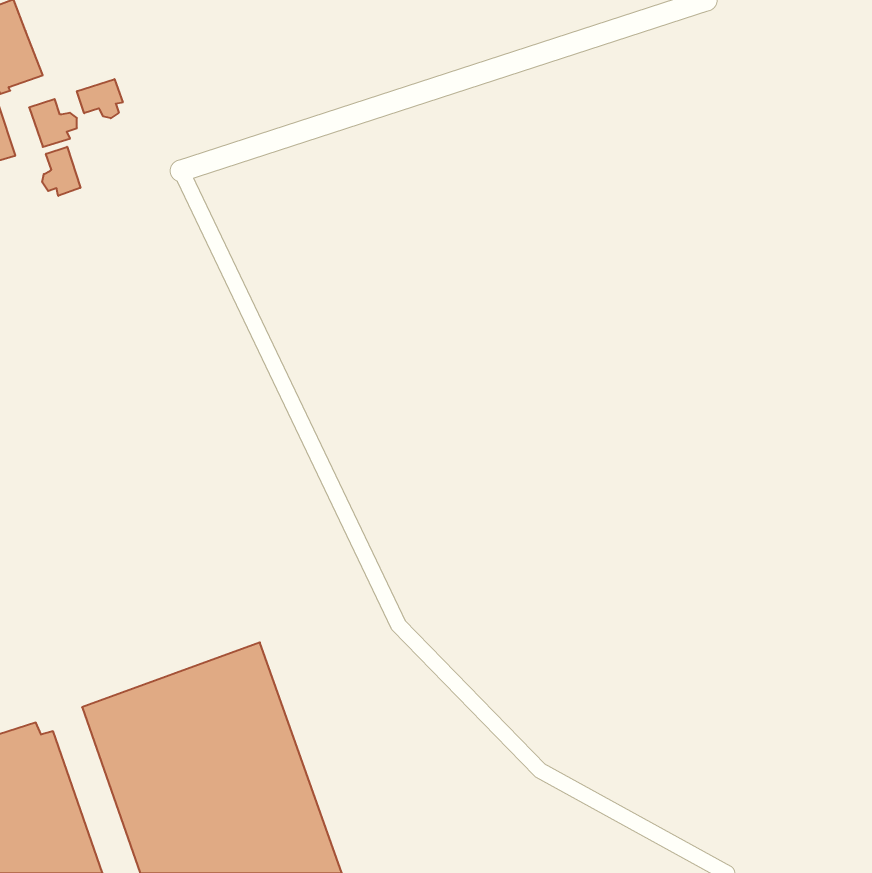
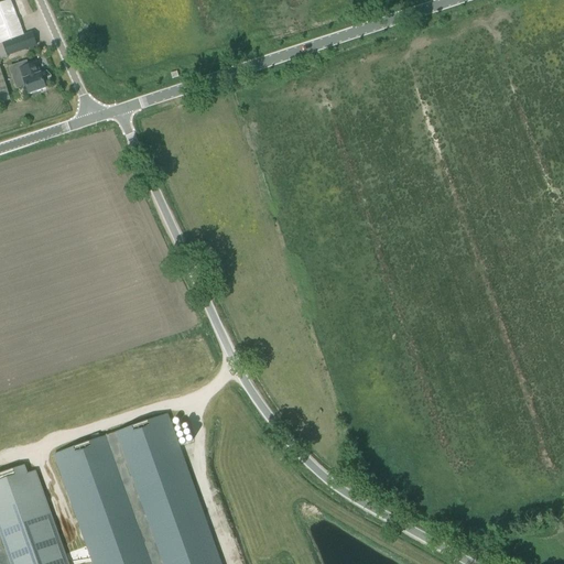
building: [77,79,123,118] -> none
building: [42,147,80,196] -> none

